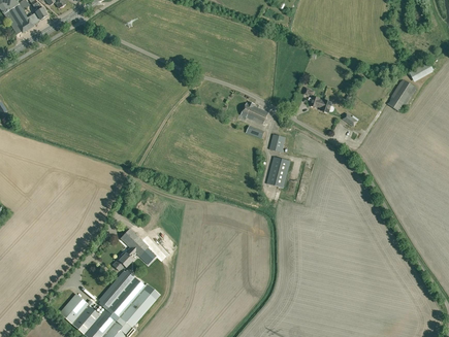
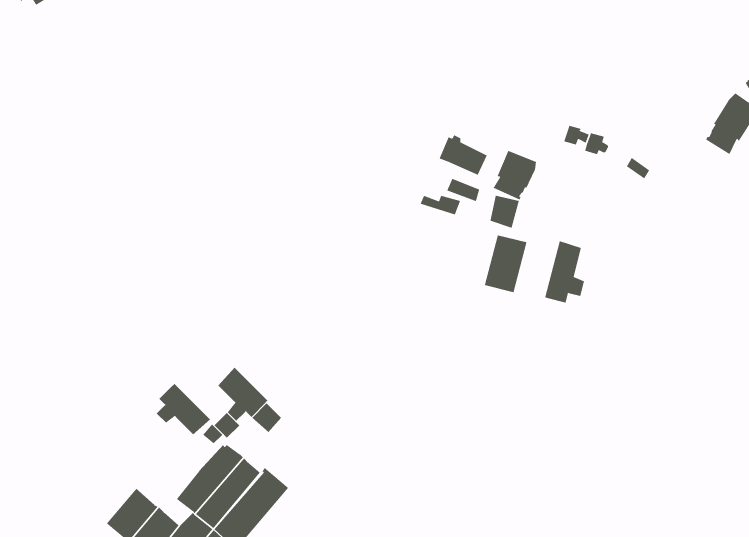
building: none -> [492,150,537,200]
building: none -> [544,240,585,303]
building: none -> [156,383,211,435]

